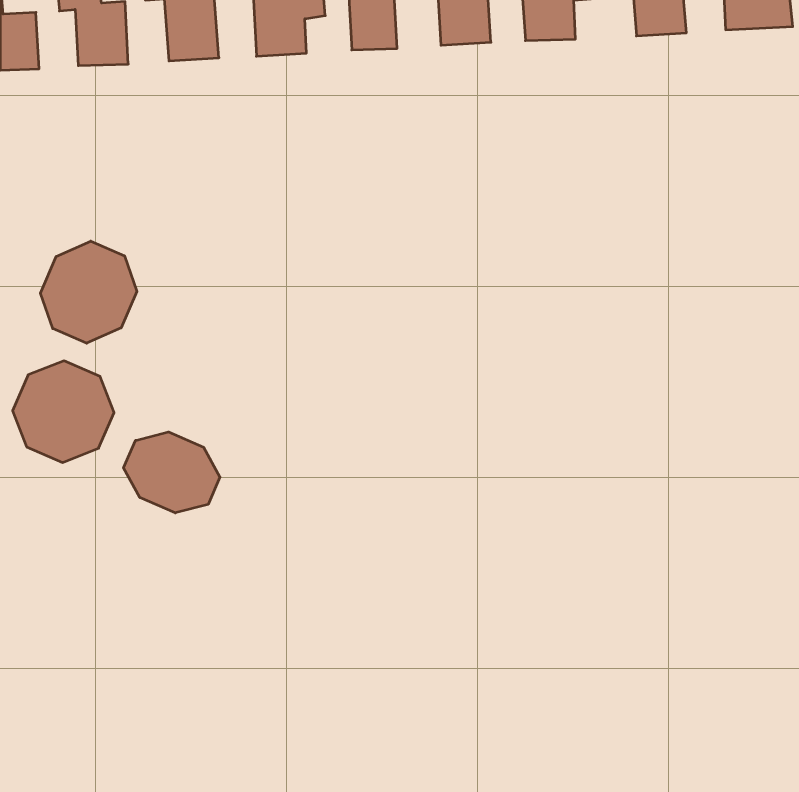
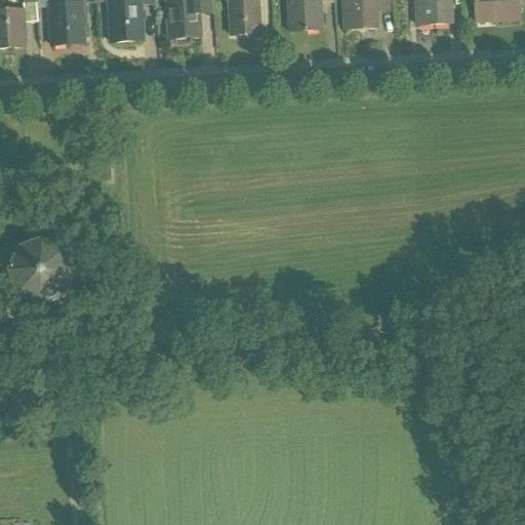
building: [40,241,137,343] -> none
building: [124,432,220,513] -> none

